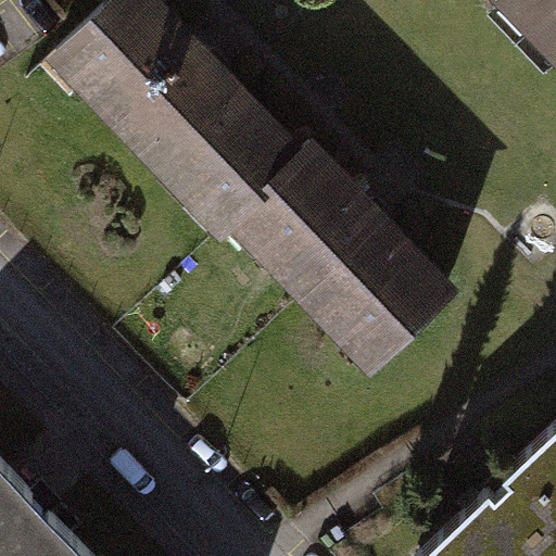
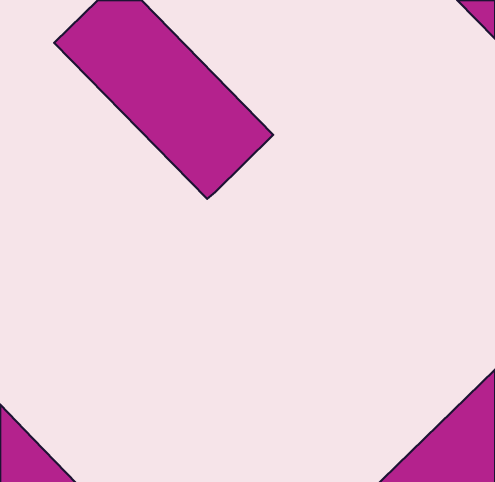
building: [241,157,451,371] -> none

